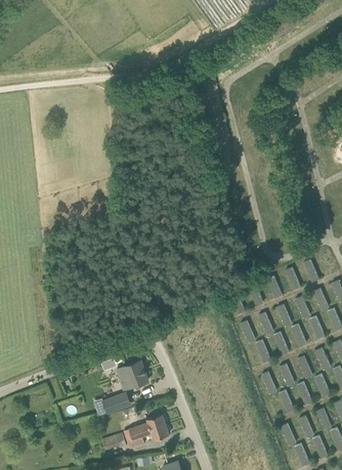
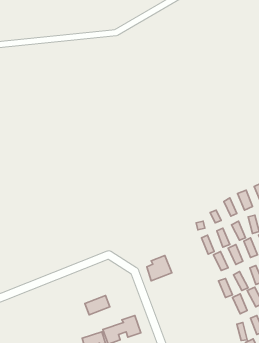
building: [118,360,147,390] -> [147,256,172,281]

